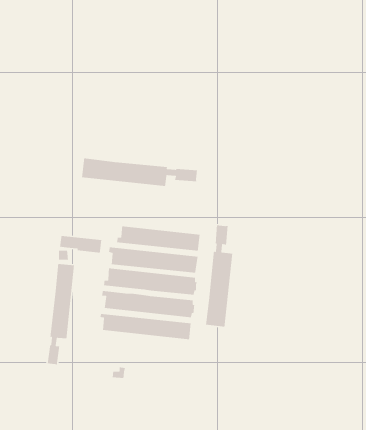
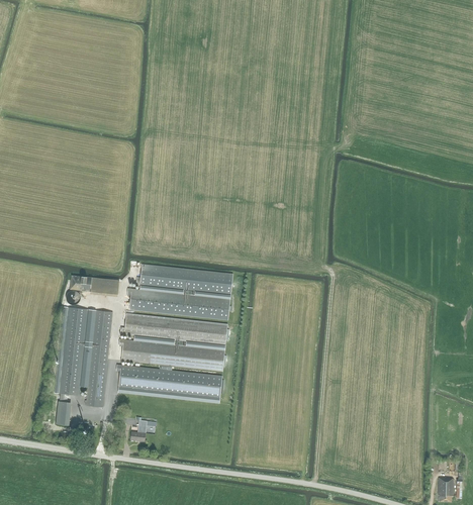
building: [81,158,198,187] -> none
building: [205,225,233,328] -> none
building: none -> [85,310,111,406]

